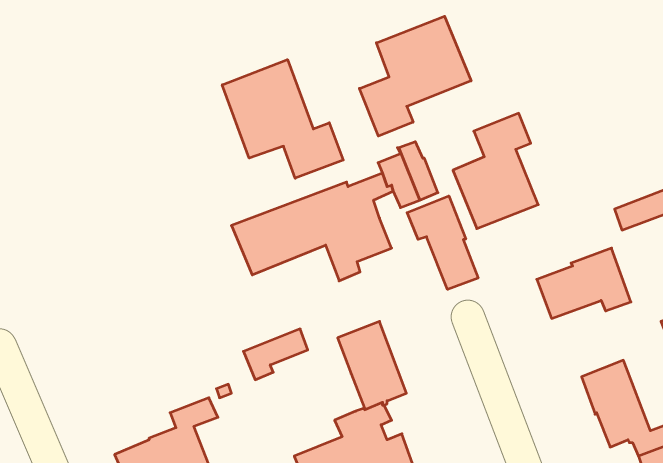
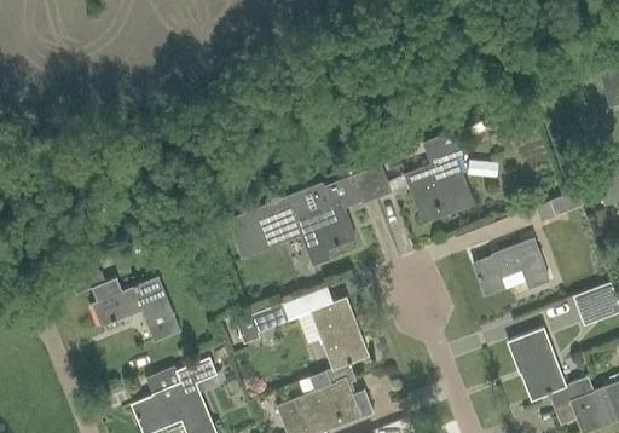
building: [359,16,471,136] -> none
building: [222,60,343,178] -> none
building: [407,196,478,289] -> none
building: none -> [73,270,180,340]

